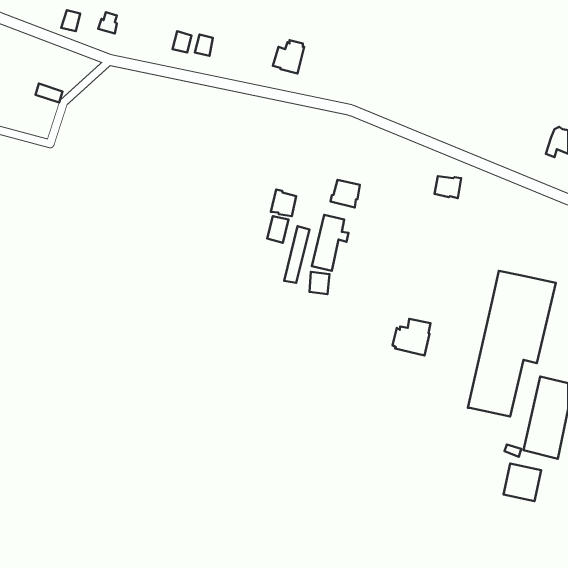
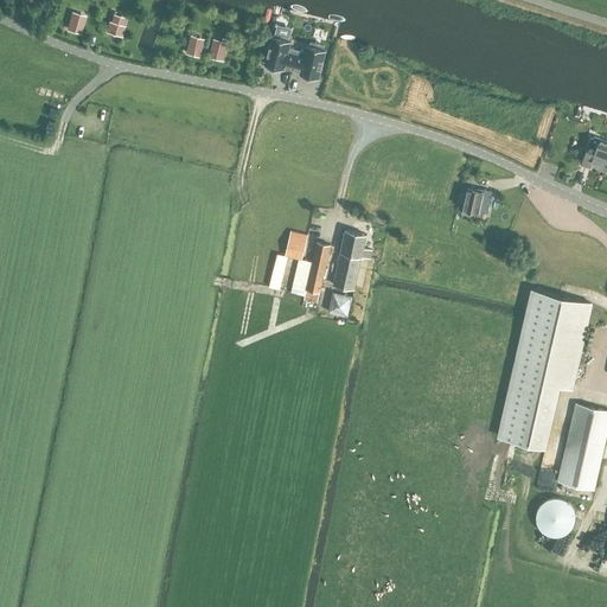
building: none -> [263,37,296,72]
building: [330,180,360,208] -> none
building: [271,190,296,216] -> none
building: [393,319,431,356] -> none

